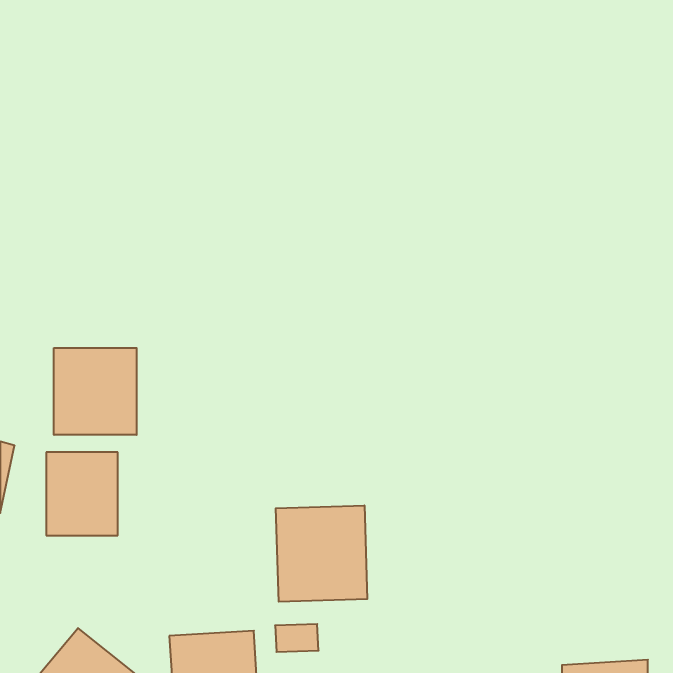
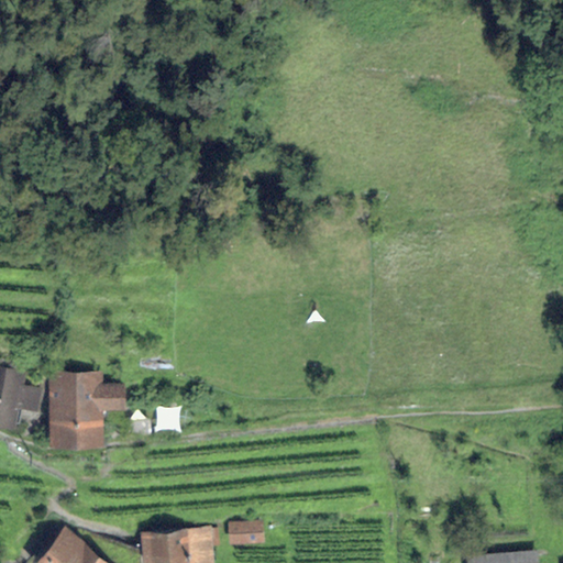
building: [54,348,137,435] -> none
building: [276,505,367,602] -> none

